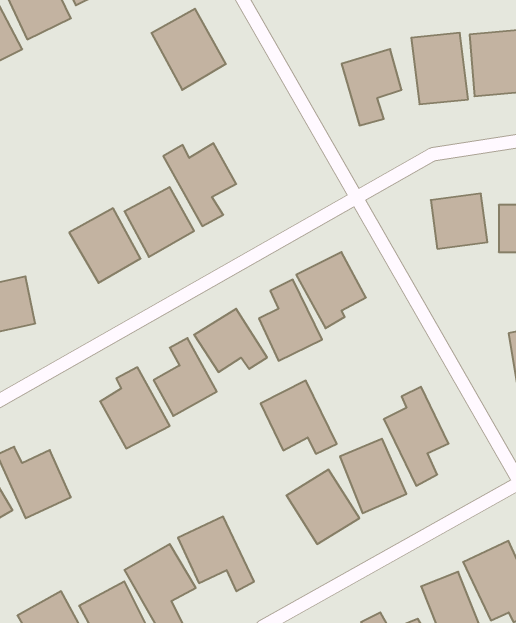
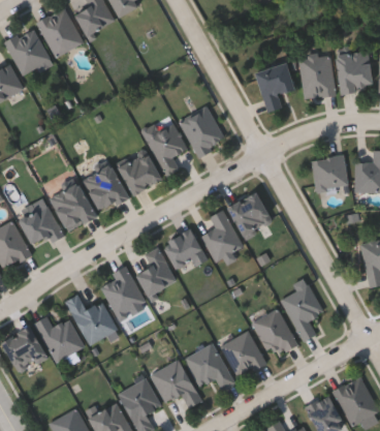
building: [151,9,226,90] -> [179,105,226,157]
building: none -> [49,183,96,232]
building: [261,381,337,454] -> [185,343,233,390]
building: none -> [65,295,117,345]

